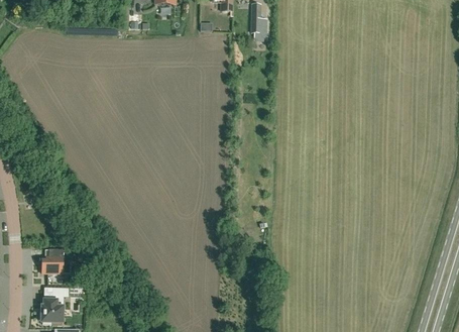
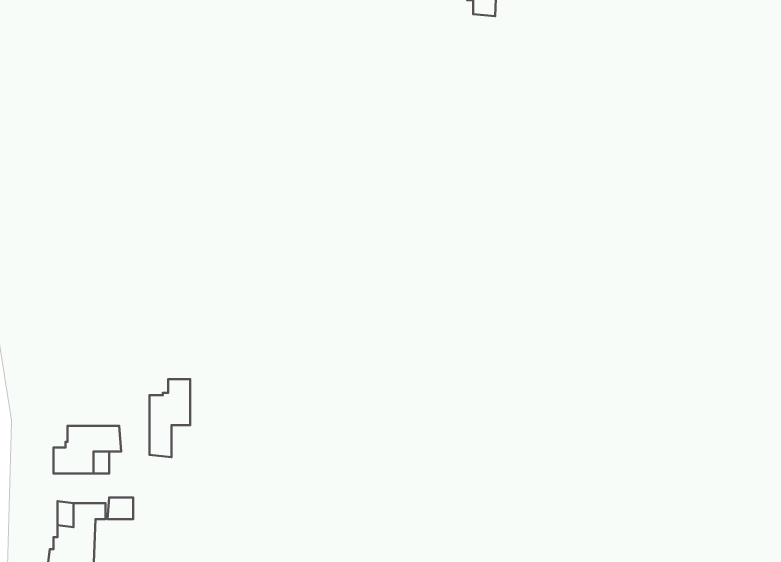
building: none -> [149,379,190,457]

